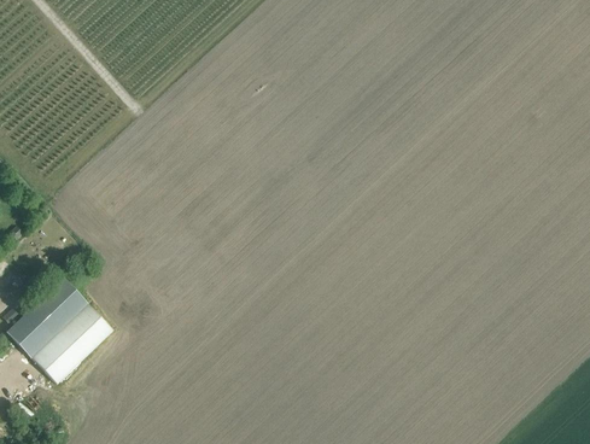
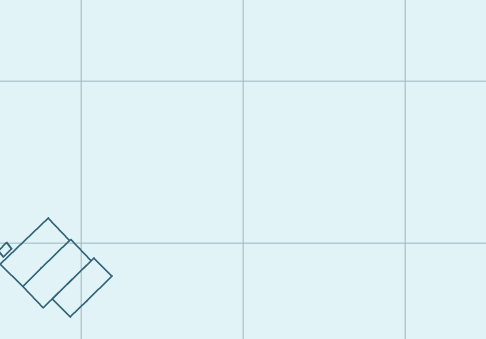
building: none -> [52,258,112,317]

